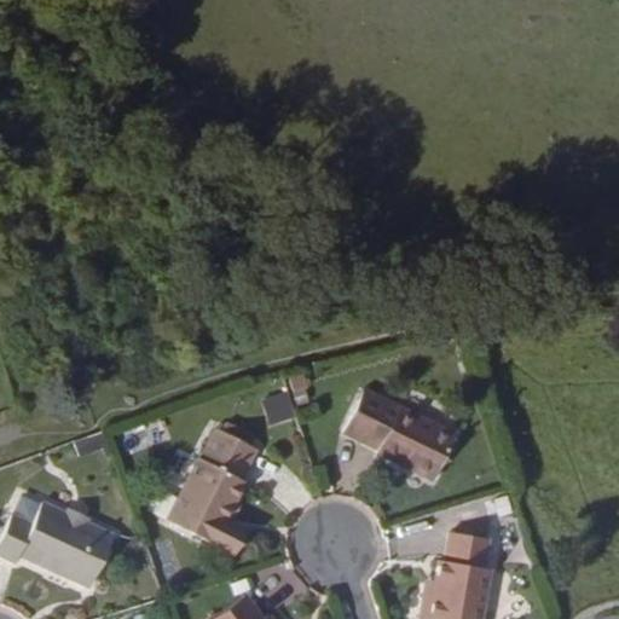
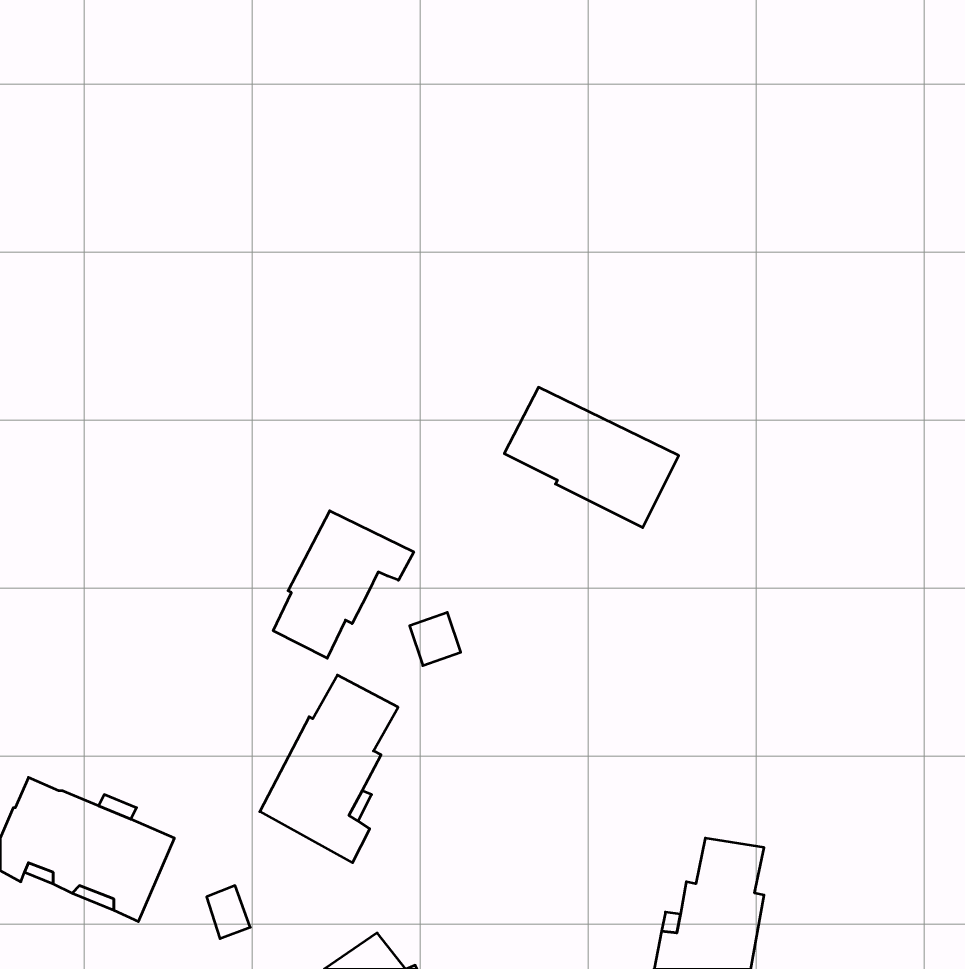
building: none -> [273,511,414,658]
building: [346,389,457,479] -> [504,387,679,528]

